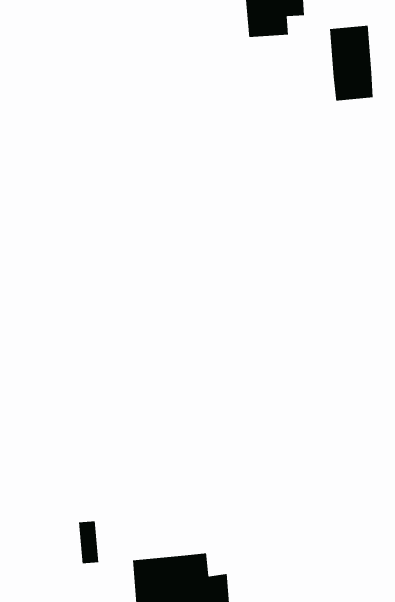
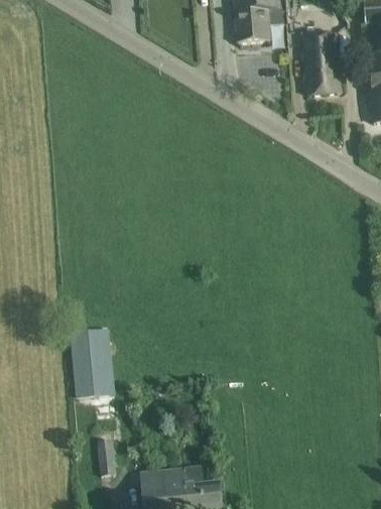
building: none -> [71,327,115,394]

